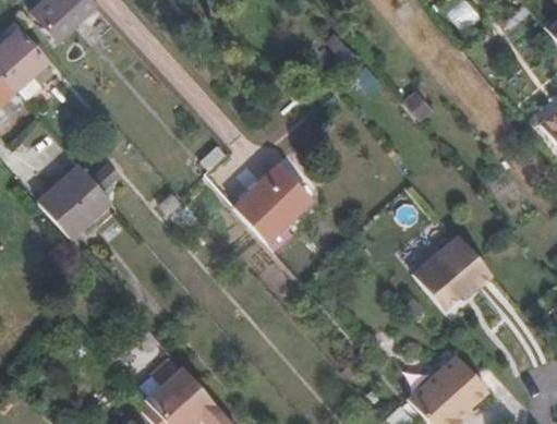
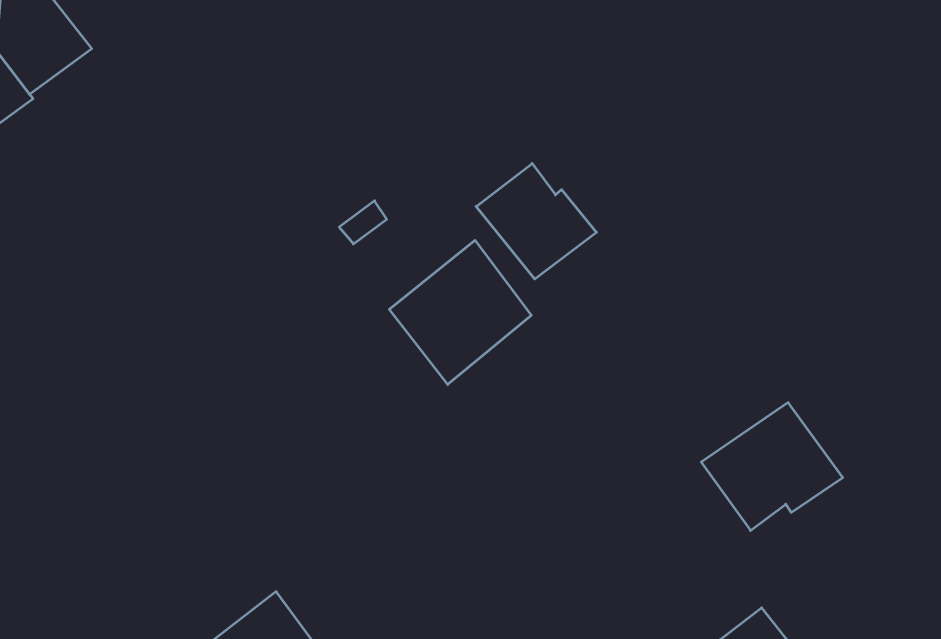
building: none -> [476,163,597,279]
building: [37,166,114,241] -> none

